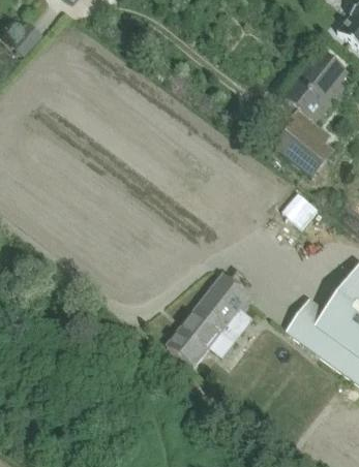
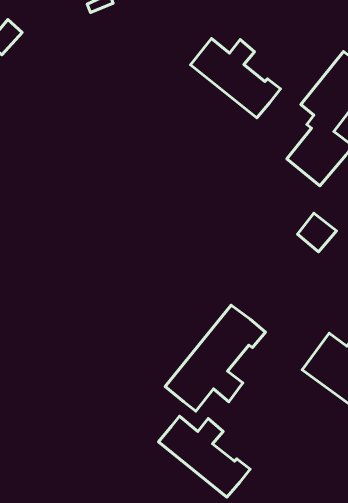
building: none -> [190,38,280,118]
building: none -> [159,416,250,497]

